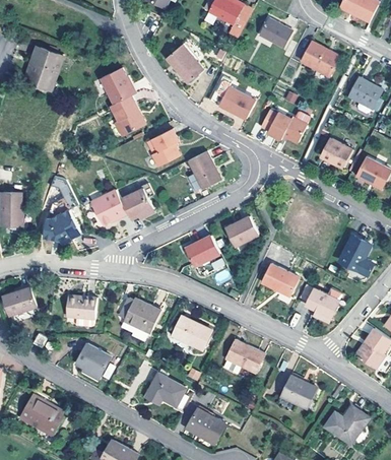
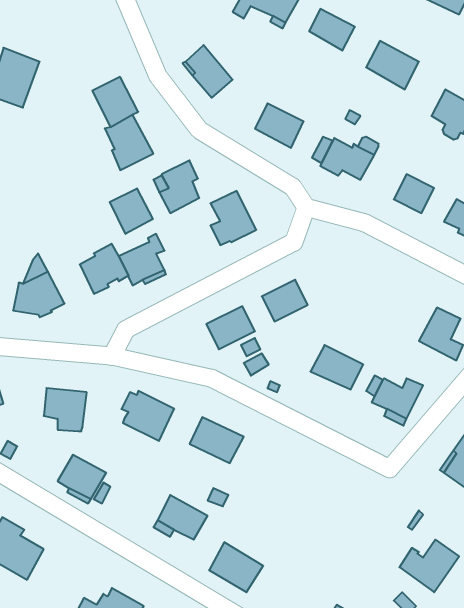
building: none -> [110,188,153,234]
building: [225,340,264,374] -> none
building: [280,376,316,409] -> none

